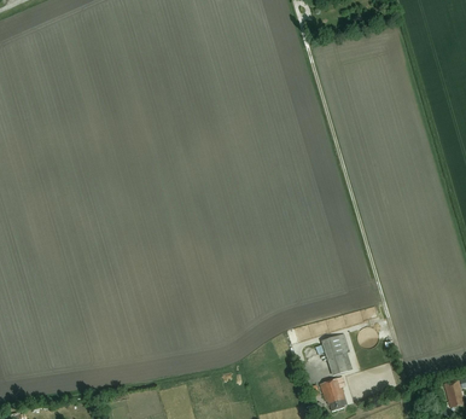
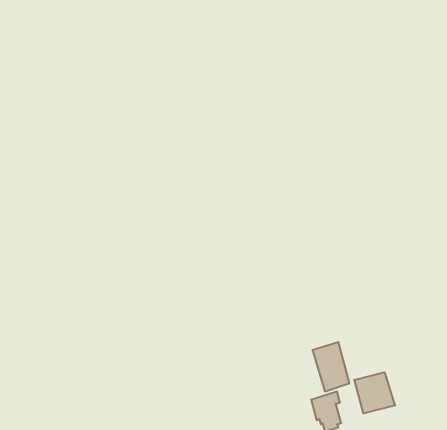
building: none -> [354,372,395,414]

